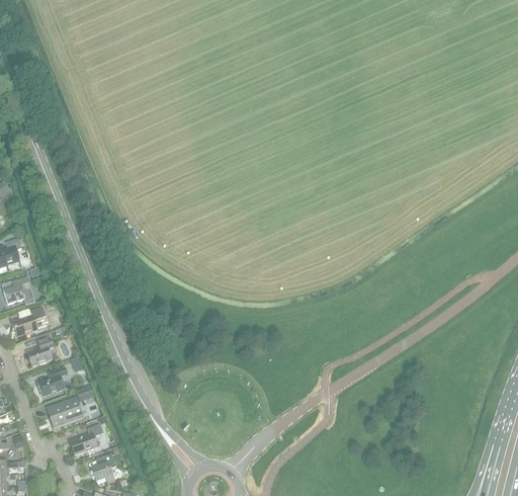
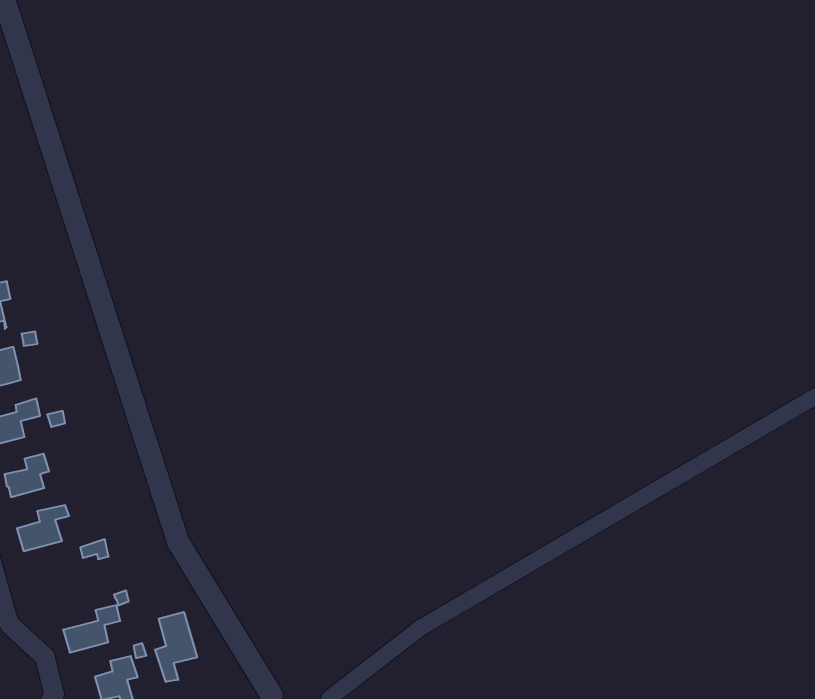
building: [46,396,81,425] -> none
building: none -> [155,612,197,682]

